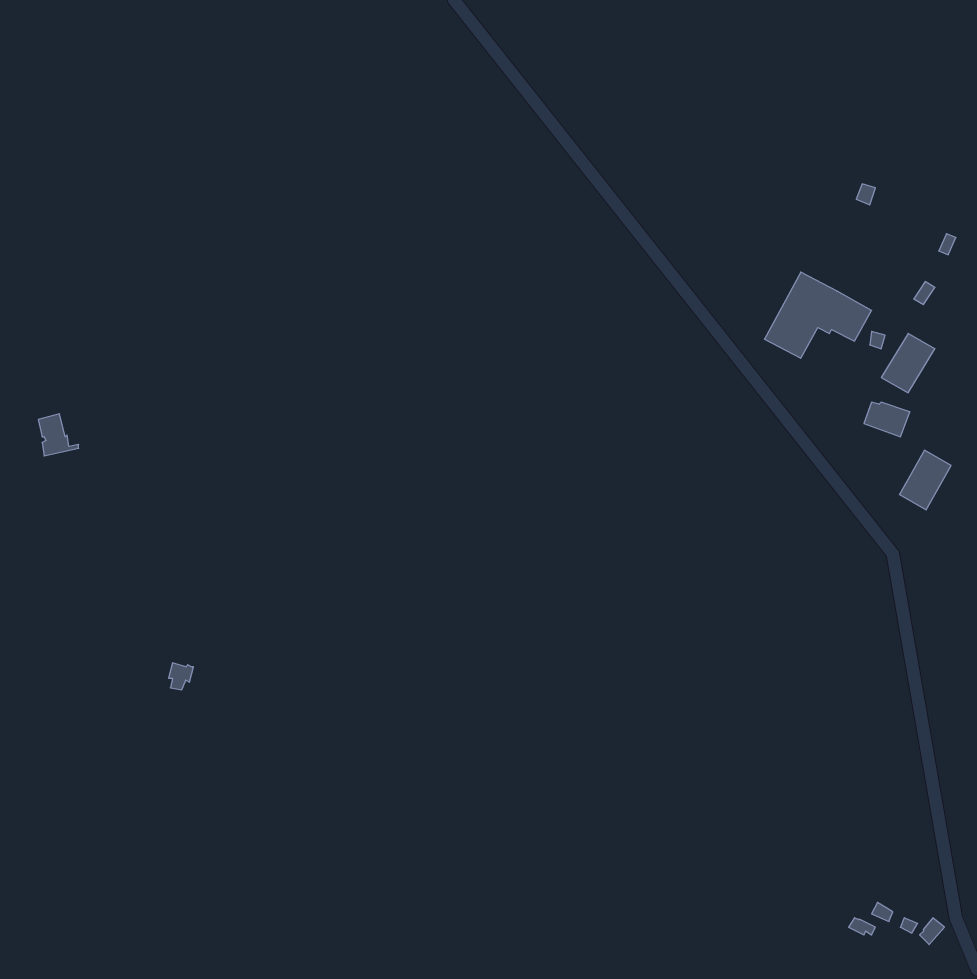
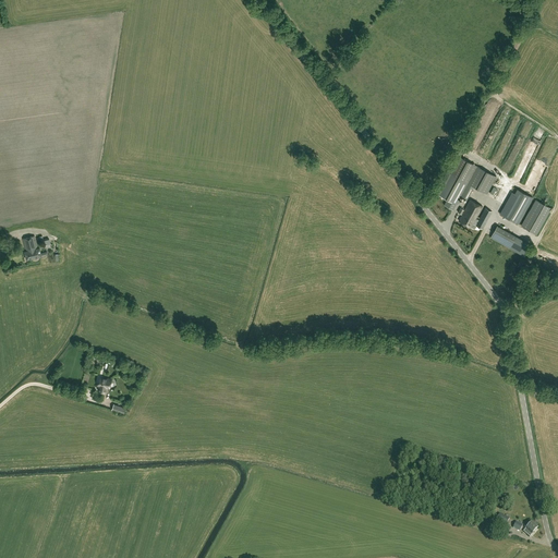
building: none -> [458,199,490,229]
building: [899,450,951,510] -> [521,201,550,234]

